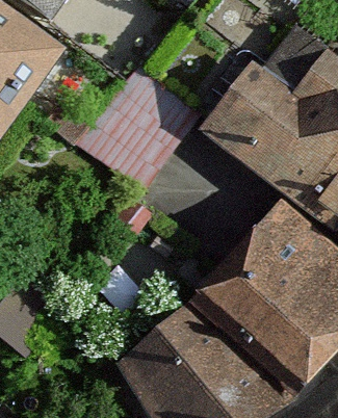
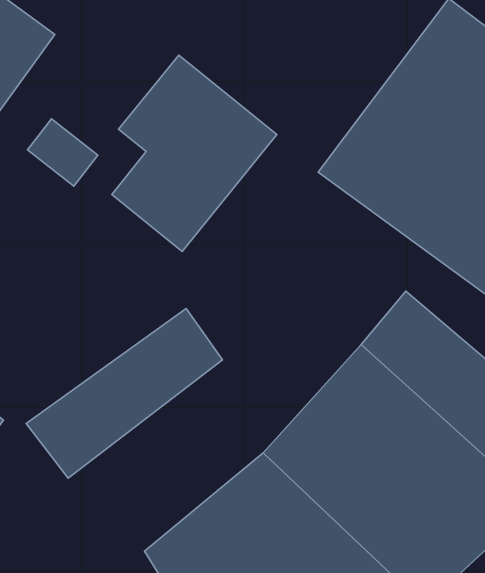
building: none -> [26,309,222,478]

